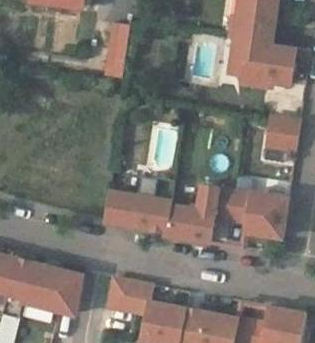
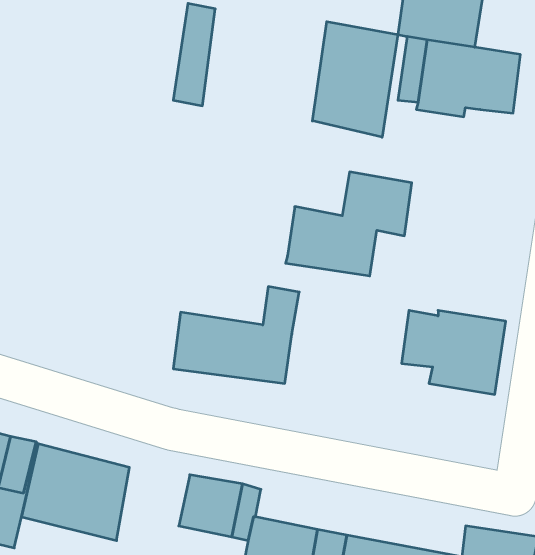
building: none -> [312,22,398,137]
building: [265,115,299,151] -> none
building: [165,183,234,240] -> [286,172,412,276]

